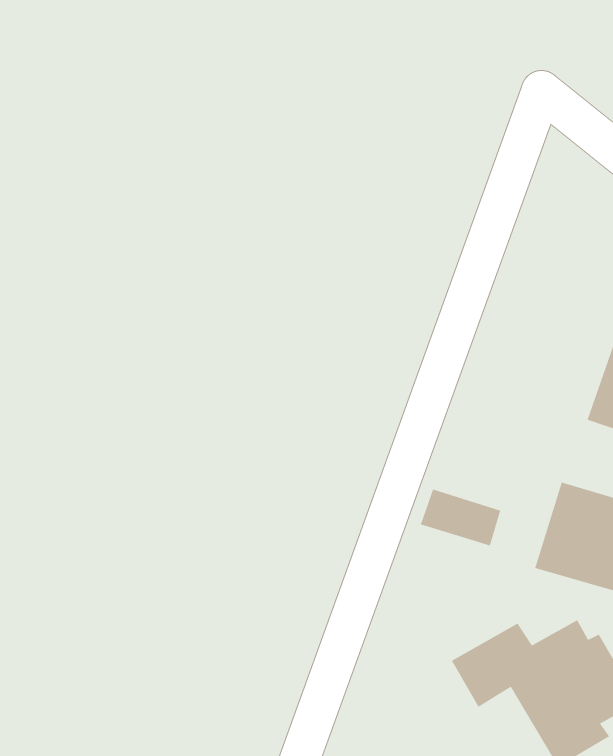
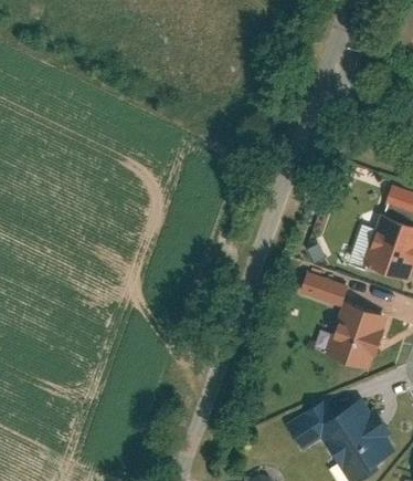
building: [420,489,501,547] -> [298,274,348,310]

